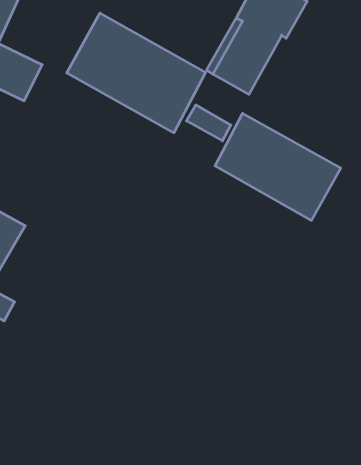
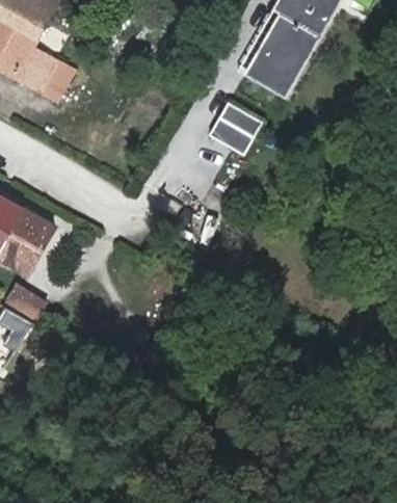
building: [67,13,205,133] -> none
building: [215,113,341,220] -> none

